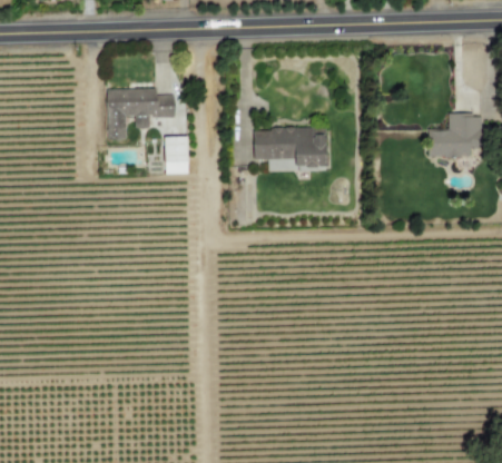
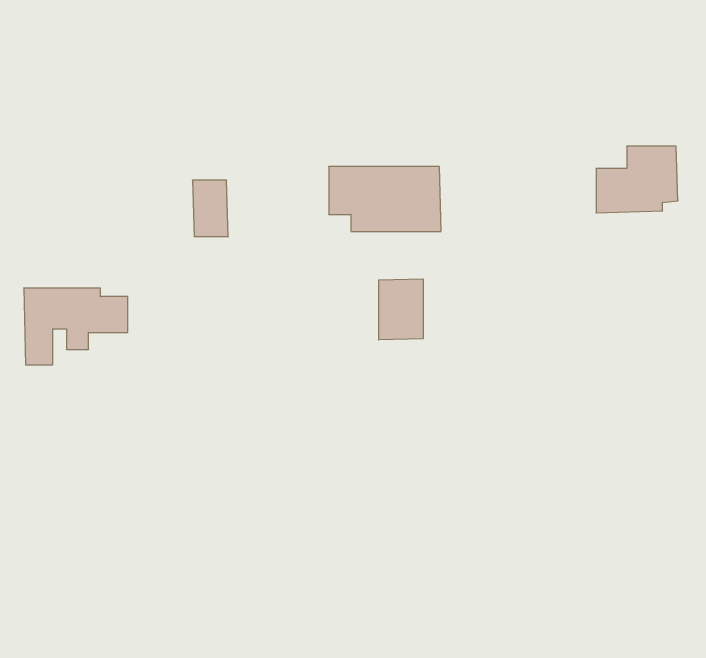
building: [107,88,175,138] -> [24,288,128,365]
building: none -> [379,279,423,340]

